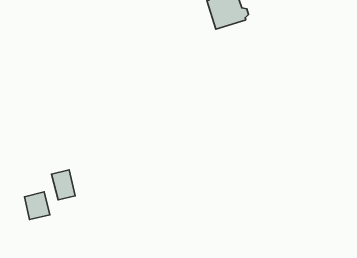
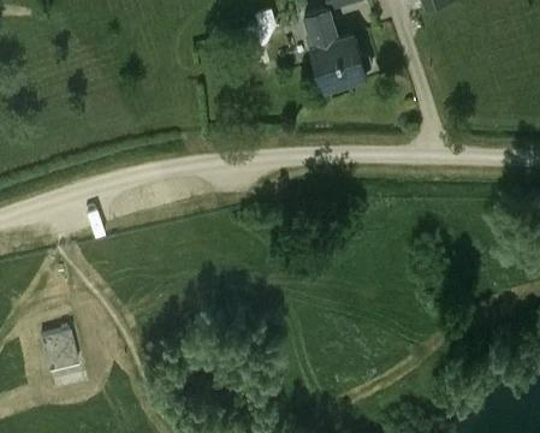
building: [51,170,75,200] -> none

